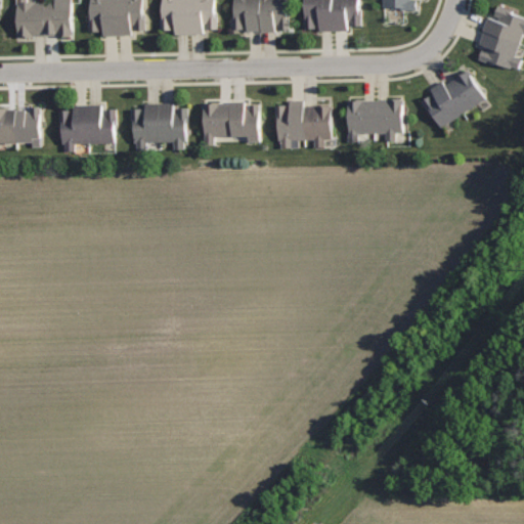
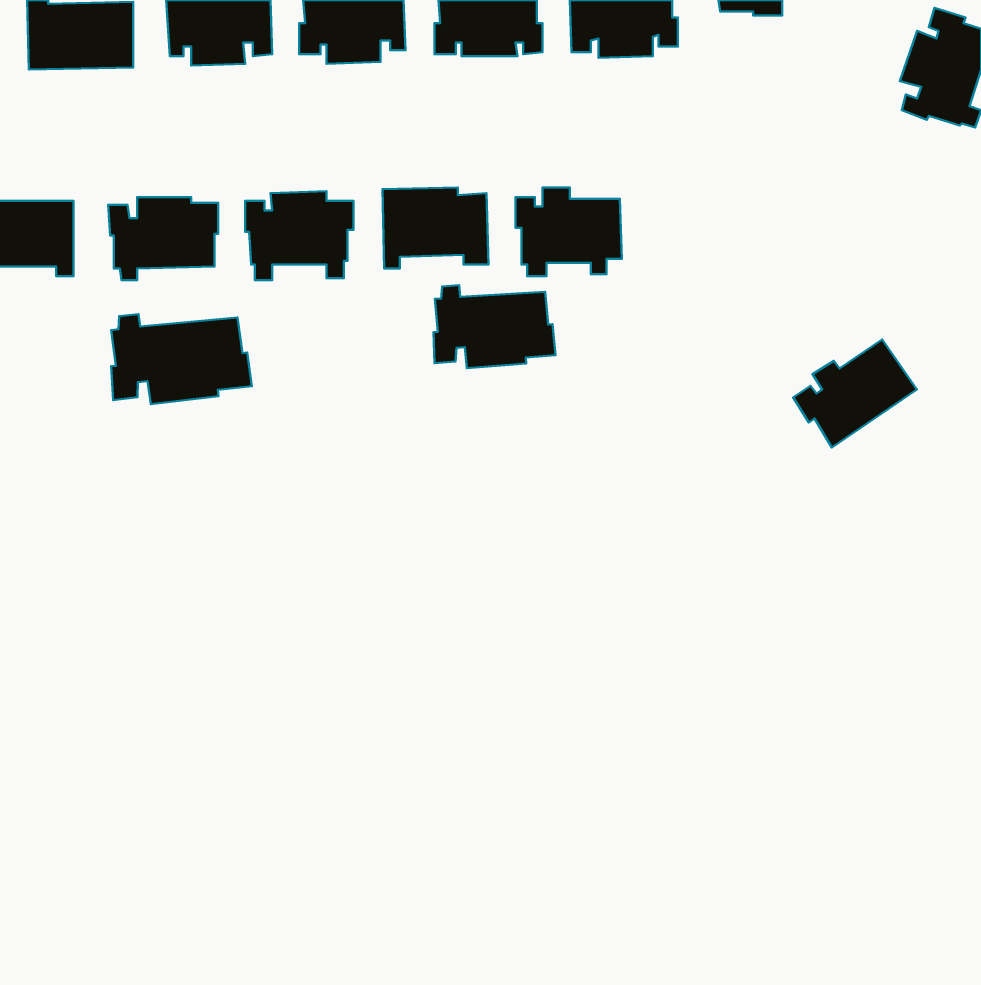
building: [419,71,484,128] -> [793,339,917,448]
building: [346,98,402,141] -> none
building: none -> [434,285,555,368]
building: none -> [111,314,252,404]

